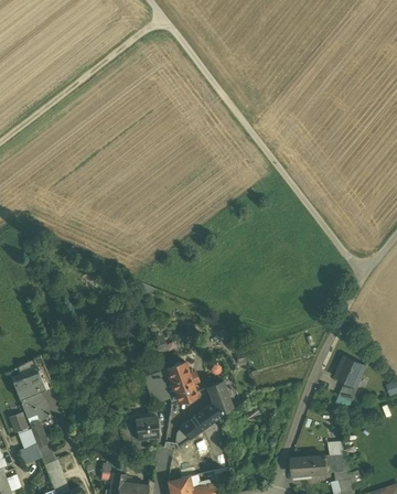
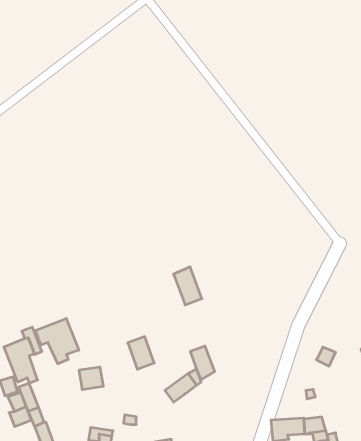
building: none -> [36,318,79,364]
building: [335,356,365,386] -> none
building: [167,362,196,401] -> [173,267,202,305]
building: [135,416,160,439] -> [79,367,103,389]

